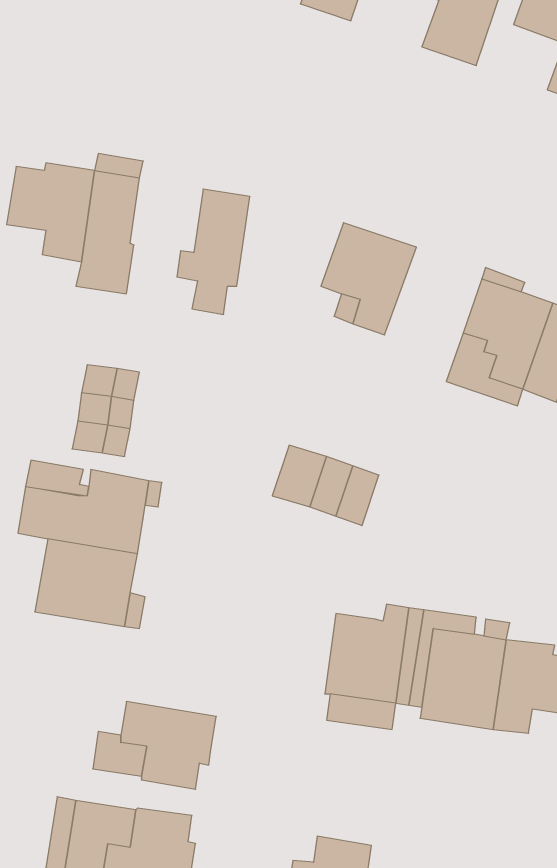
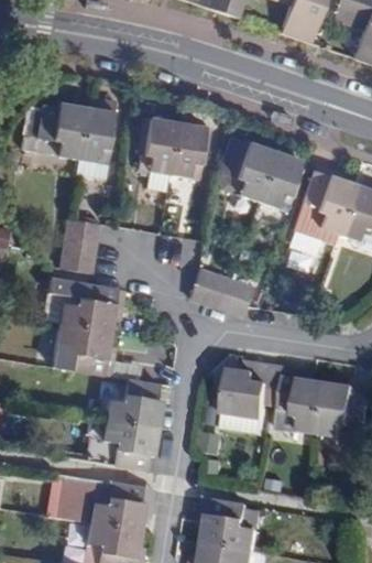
building: none -> [169,121,205,180]
building: none -> [256,151,302,214]
building: none -> [105,378,162,427]

